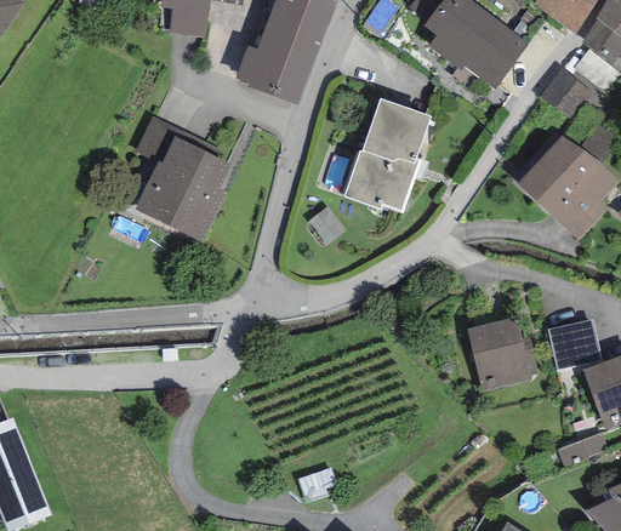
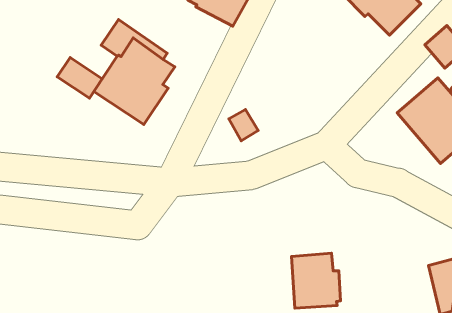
building: [342,98,431,212] -> none
building: none -> [57,58,102,98]
building: [467,315,536,390] -> [291,253,341,308]
building: [547,319,602,370] -> none

